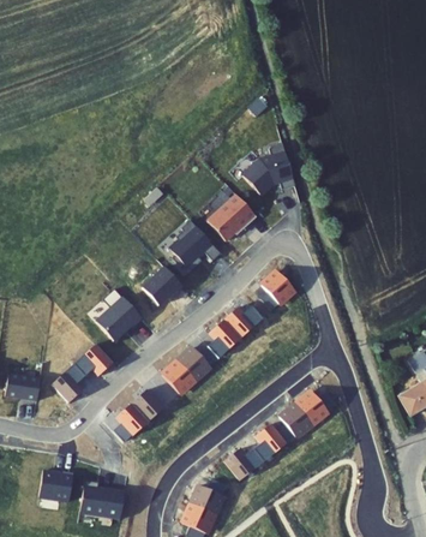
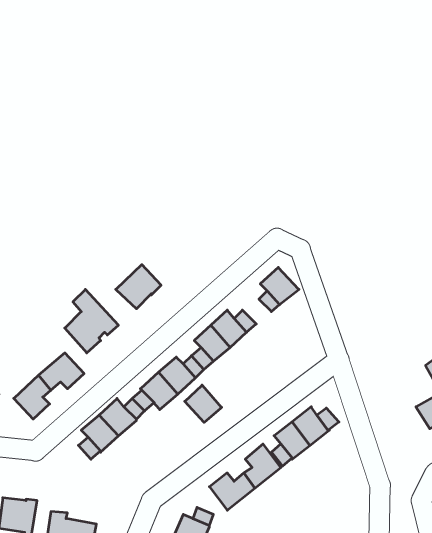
building: [242,144,294,198] -> none
building: [206,196,256,245] -> none
building: [170,221,221,273] -> none
building: none -> [185,385,222,422]

